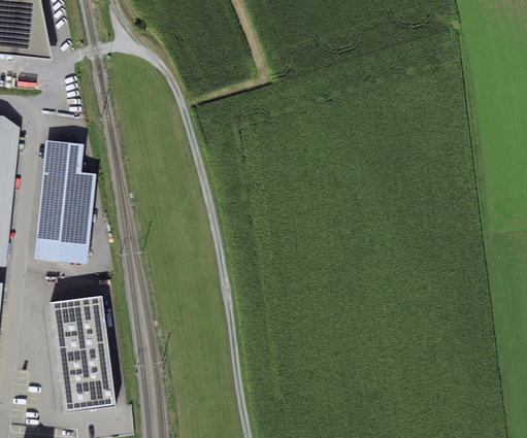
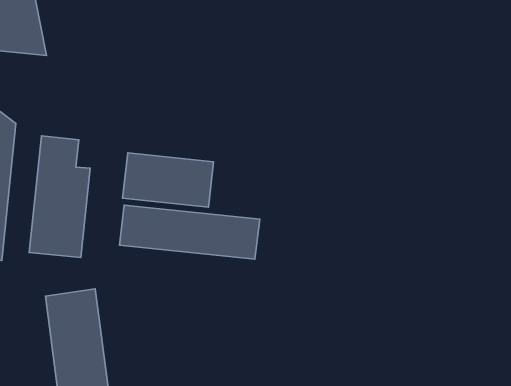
building: none -> [123,153,214,207]
building: none -> [119,205,260,259]

